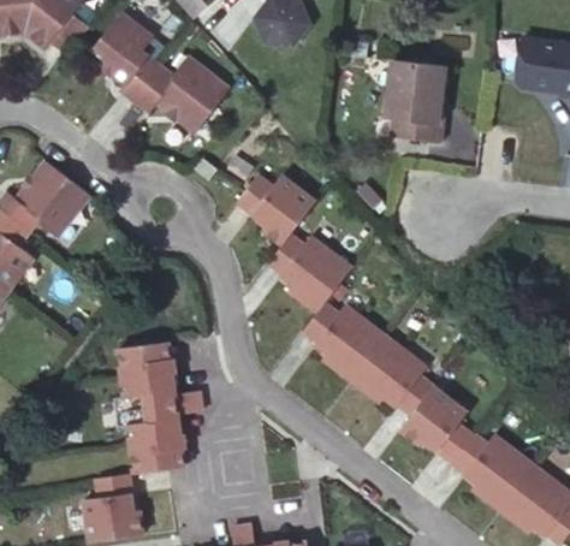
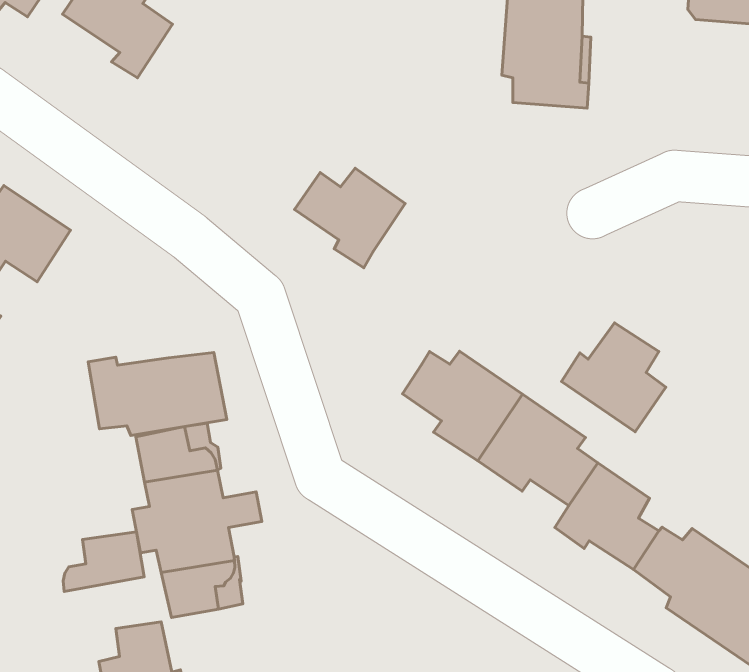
building: [136,57,230,132] -> none
building: [267,231,349,310] -> none
building: none -> [88,352,227,435]
building: none -> [562,323,666,432]
building: none -> [63,532,144,592]

